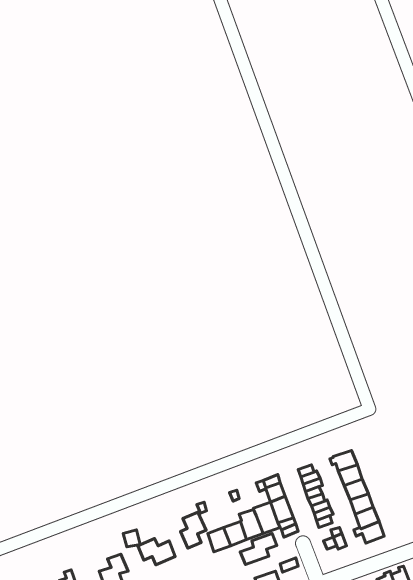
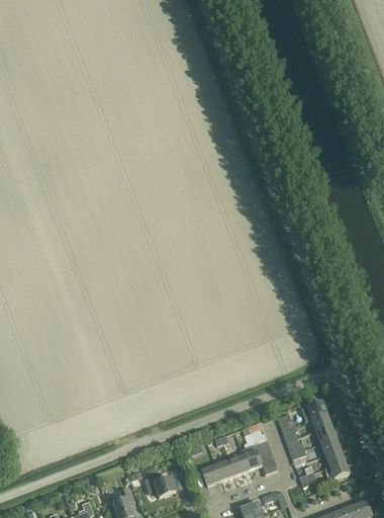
building: [181,512,206,548] -> none
building: [240,533,277,564] -> none

